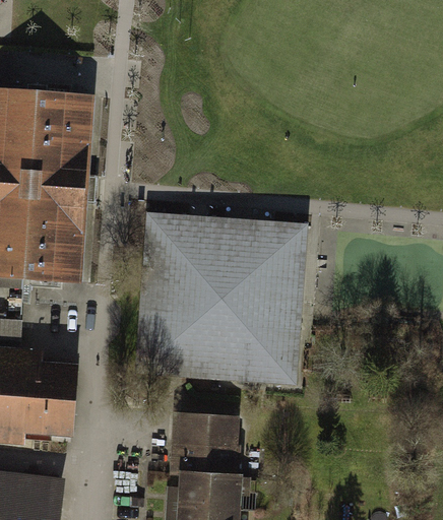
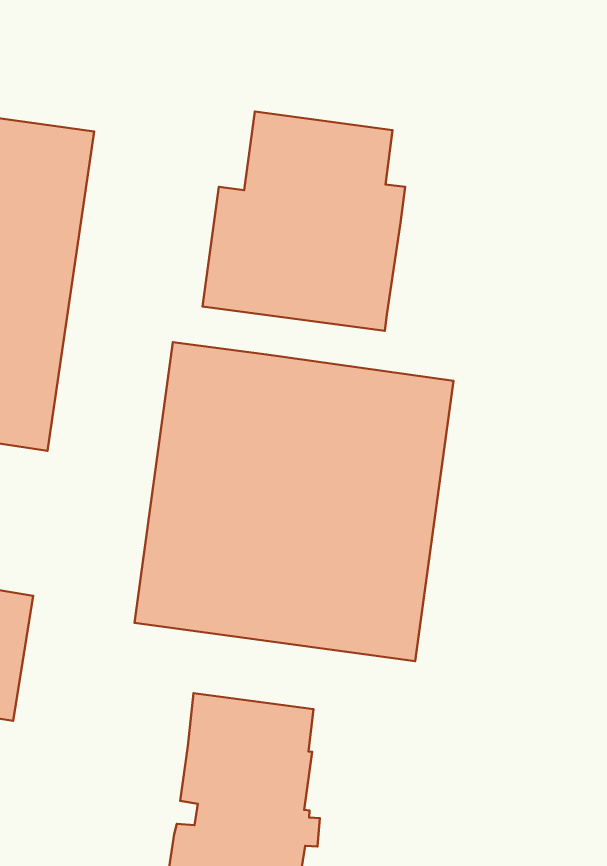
building: none -> [202,112,405,331]

